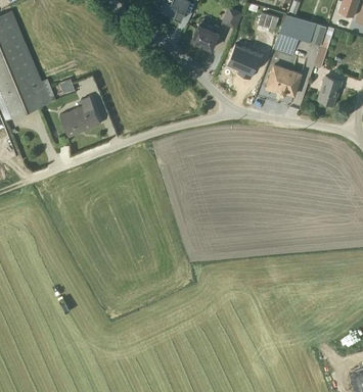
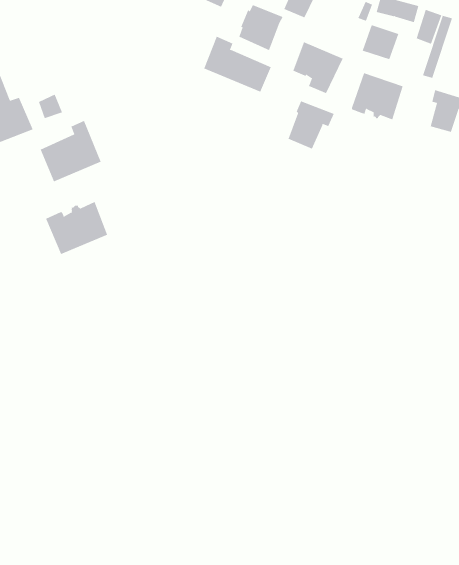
building: none -> [204,36,271,92]
building: none -> [288,100,335,150]
building: none -> [46,201,108,255]

